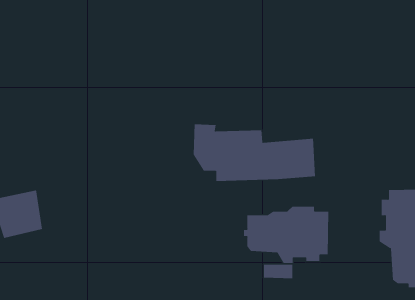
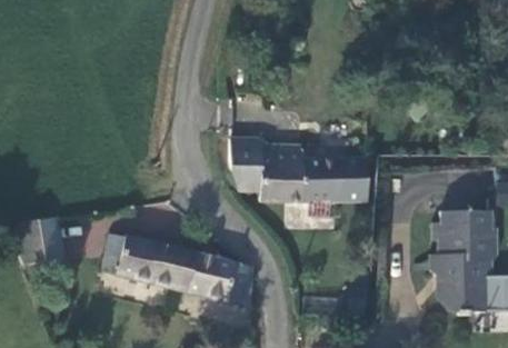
building: [243,206,329,264] -> none
building: none -> [108,231,250,305]

